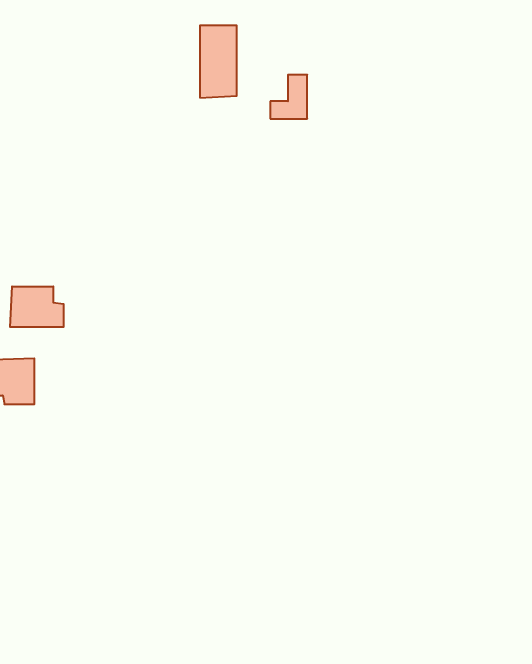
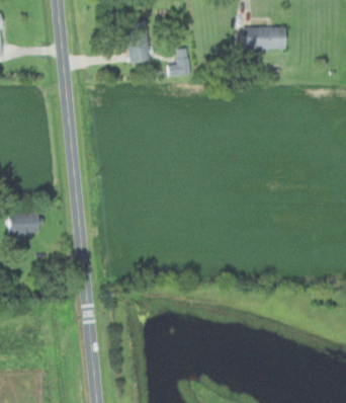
building: none -> [245,28,287,50]
building: [10,286,64,327] -> none

